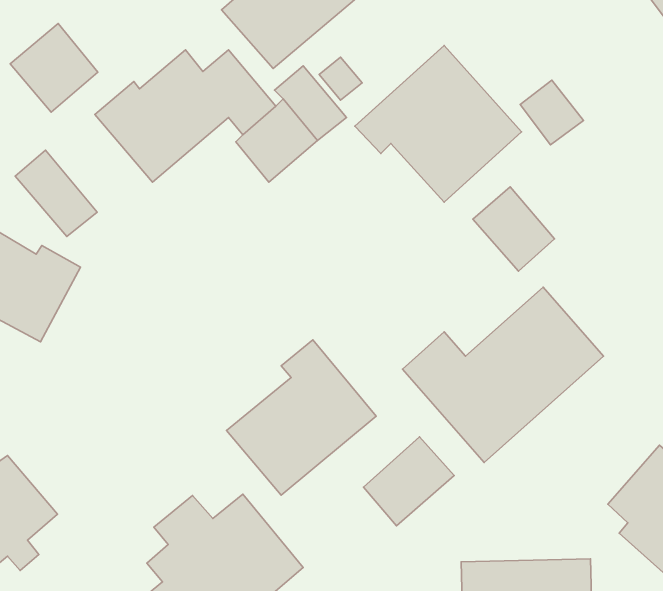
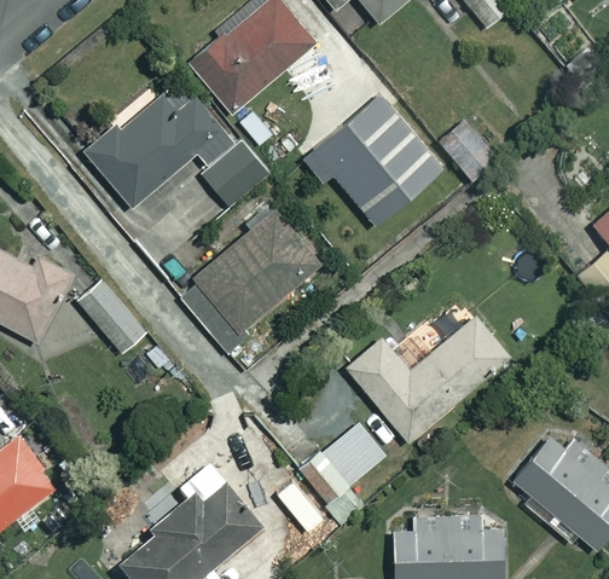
building: [10,23,98,112] -> none
building: [15,150,97,236] -> [77,280,146,353]
building: [473,187,554,271] -> none
building: [227,340,376,495] -> [193,203,319,334]

